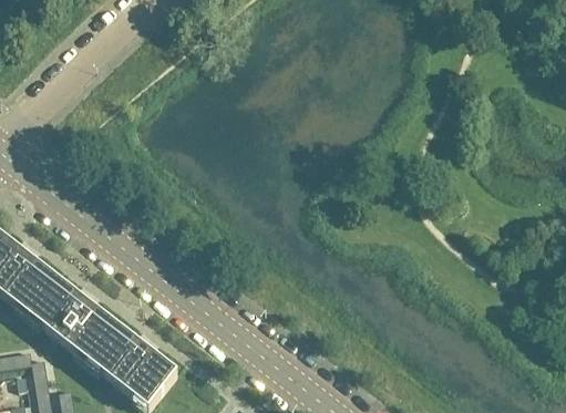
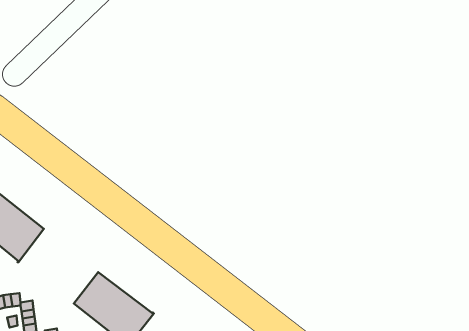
building: [27,272,115,357] -> none

